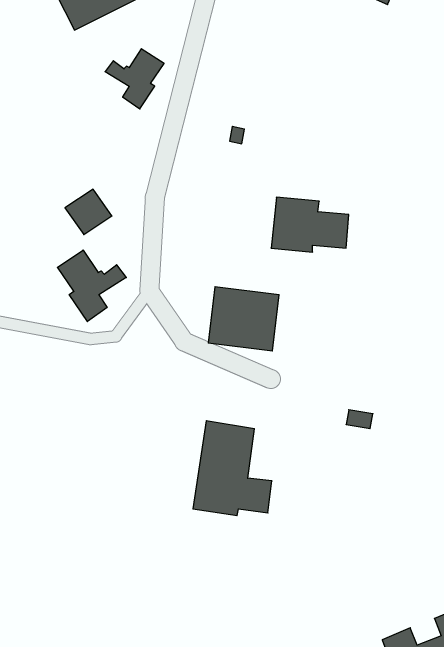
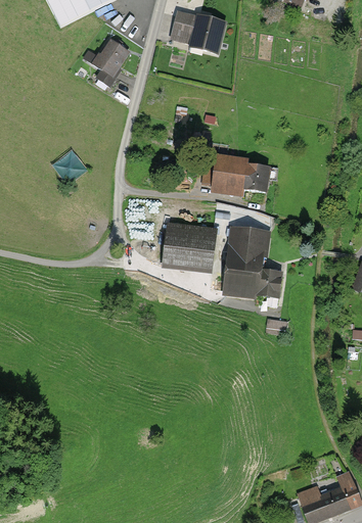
building: none -> [173,14,225,52]
building: [57,250,126,322] -> none
building: [193,421,272,516] -> [222,226,282,298]

